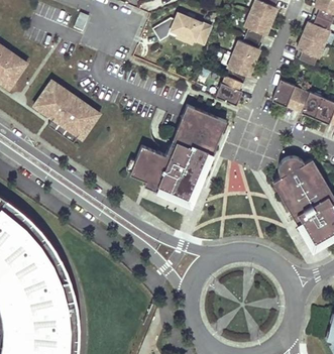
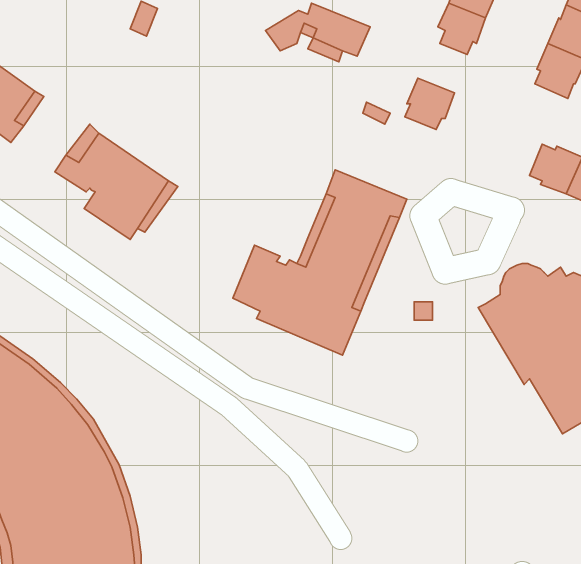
building: [232,35,259,63] -> none
building: [214,76,242,106] -> none
building: [271,80,301,108] -> none

